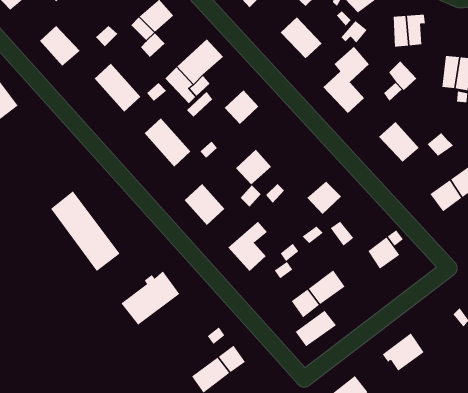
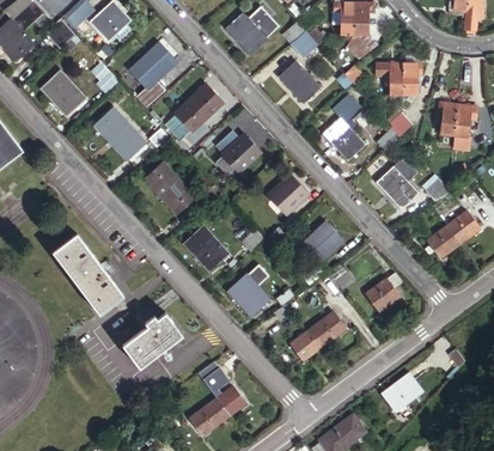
building: [235,149,272,185] -> [268,176,304,212]
building: [295,310,337,347] -> none

